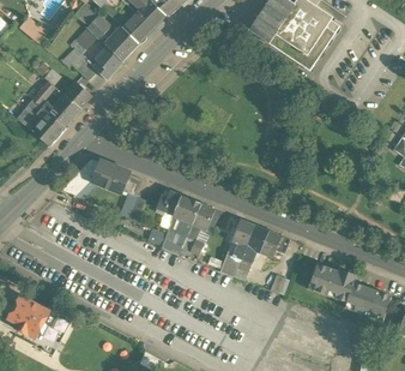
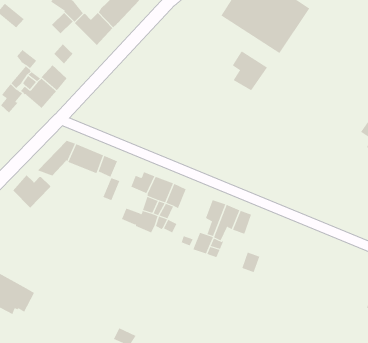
building: [93,38,121,77] -> none
building: none -> [233,50,268,91]
building: [31,109,65,144] -> none
building: none -> [13,175,52,208]
building: [310,262,389,317] -> none

